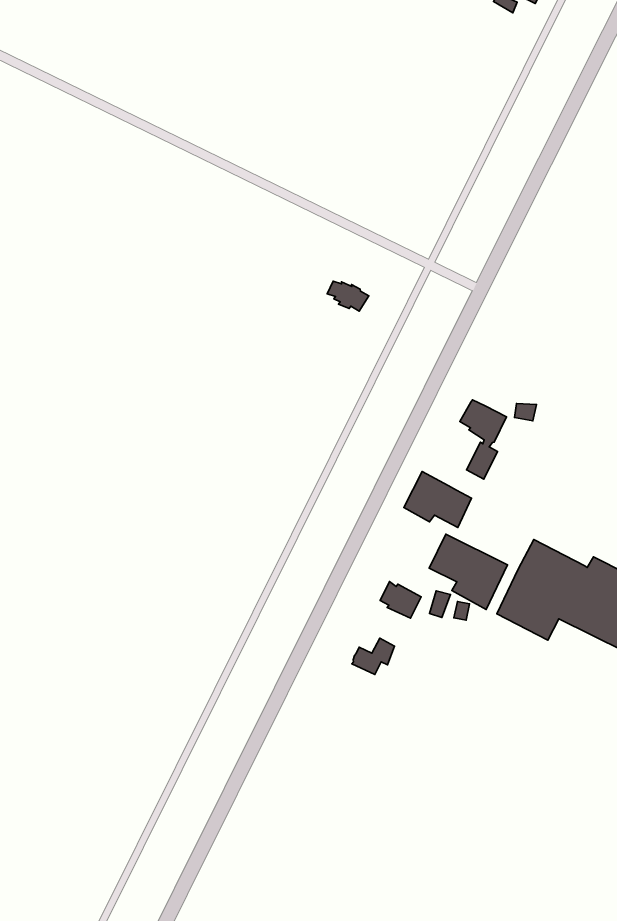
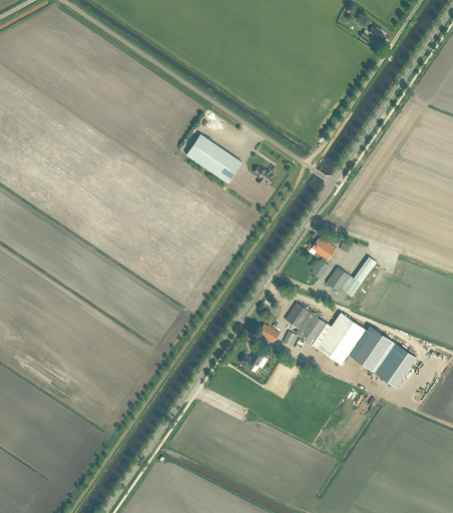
building: none -> [186,134,242,183]
building: [404,471,472,528] -> [326,267,361,298]

